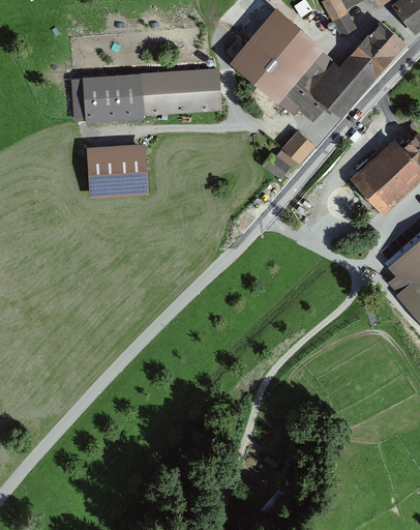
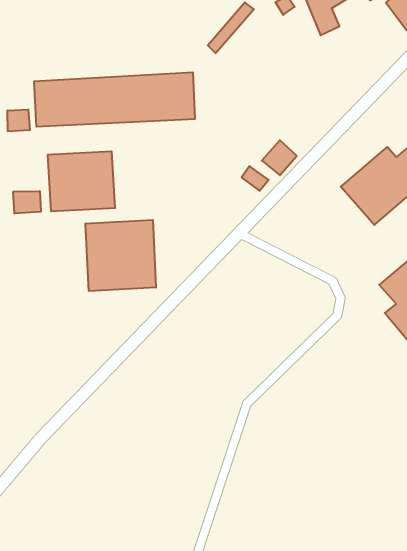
building: [234,8,408,123] -> none
building: none -> [8,109,30,131]
building: none -> [13,191,41,214]
building: none -> [86,220,156,291]

